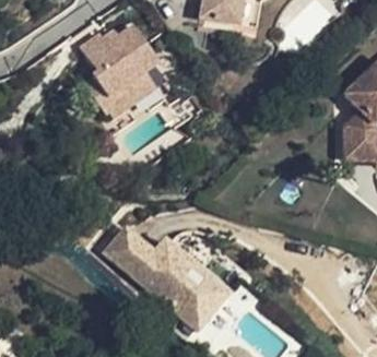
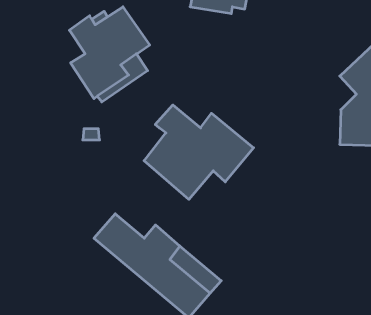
building: none -> [144,105,254,199]

